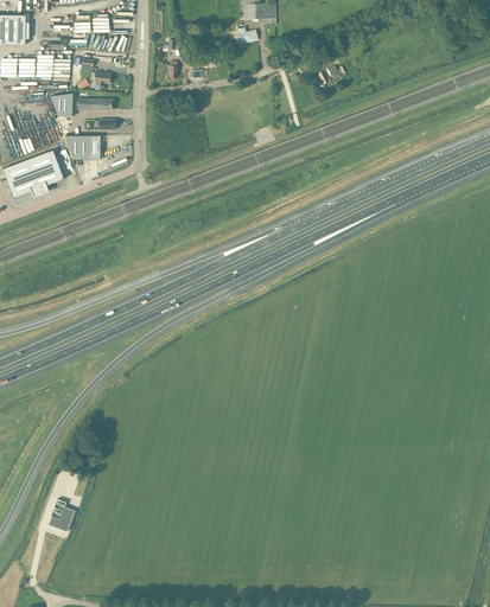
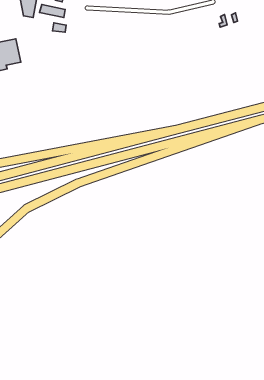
building: [64,135,100,159] -> none

